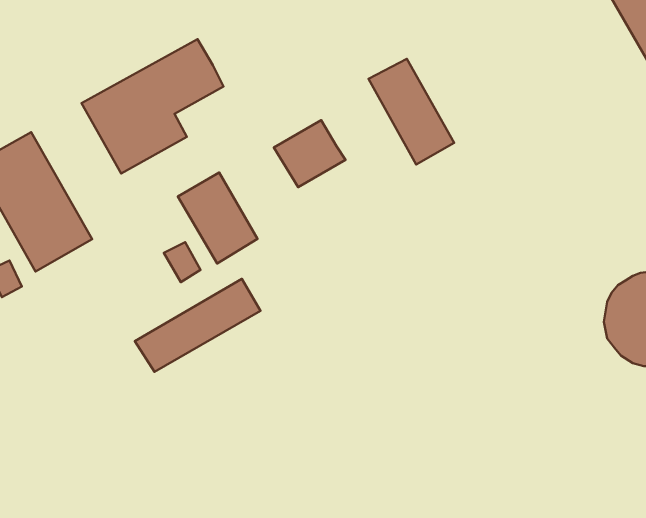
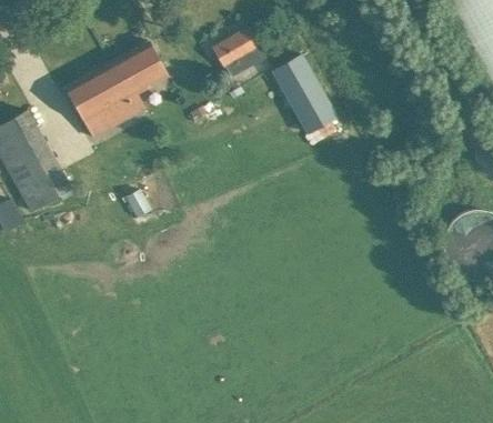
building: [274,120,346,187] -> [214,29,266,78]
building: [178,172,257,263] -> none
building: [135,279,260,372] -> none

